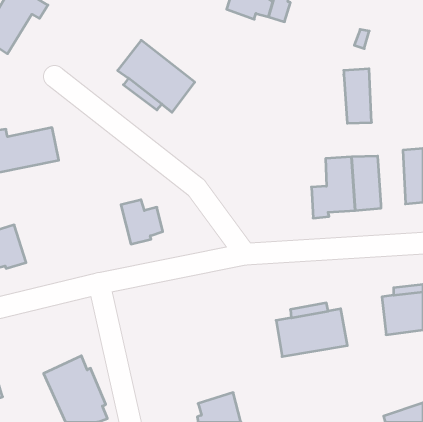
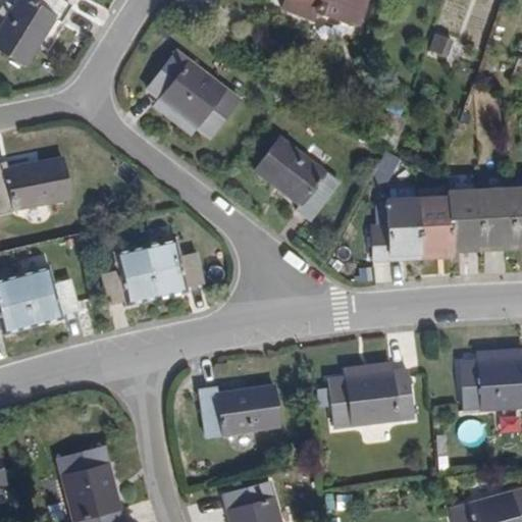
building: [344,69,372,123] -> [459,182,492,249]
building: none -> [253,140,337,226]
building: none -> [111,249,159,304]
building: none -> [17,265,72,319]
building: none -> [206,394,289,448]

